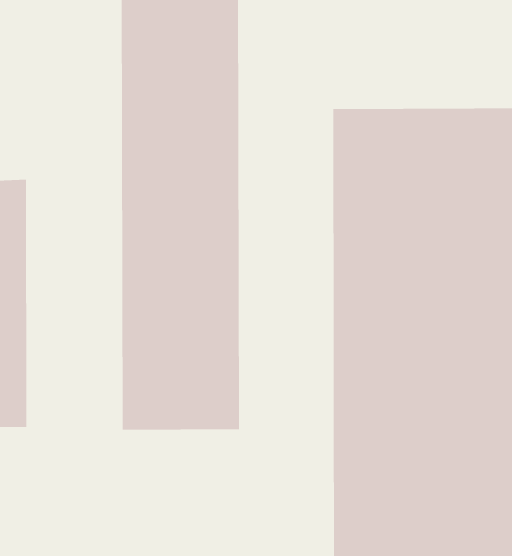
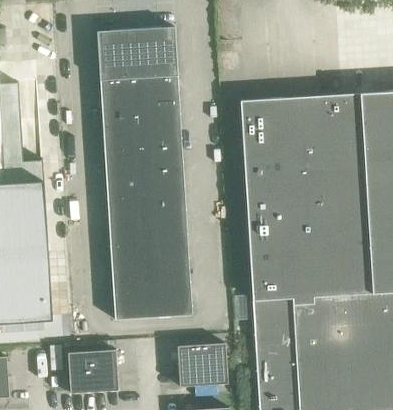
building: none -> [176,343,227,387]
building: none -> [67,350,117,393]

